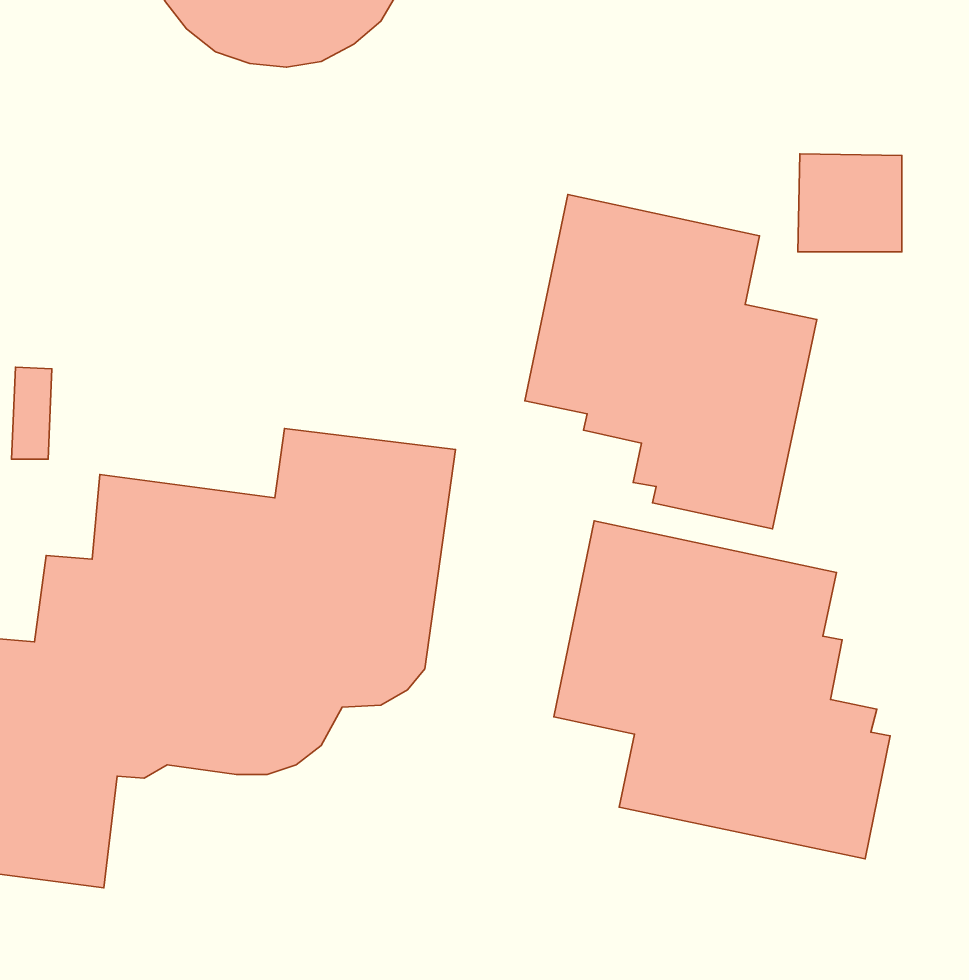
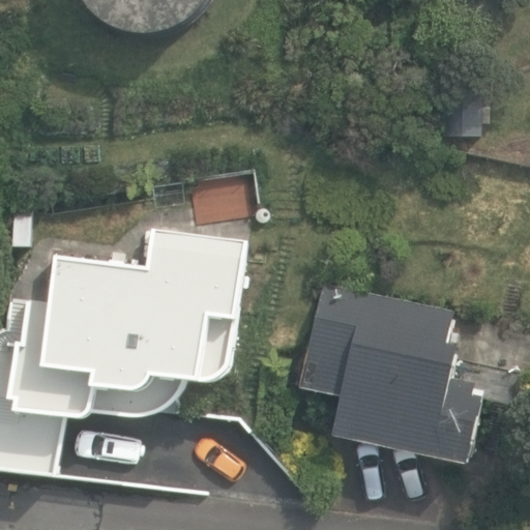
building: [525,194,817,529] -> none

